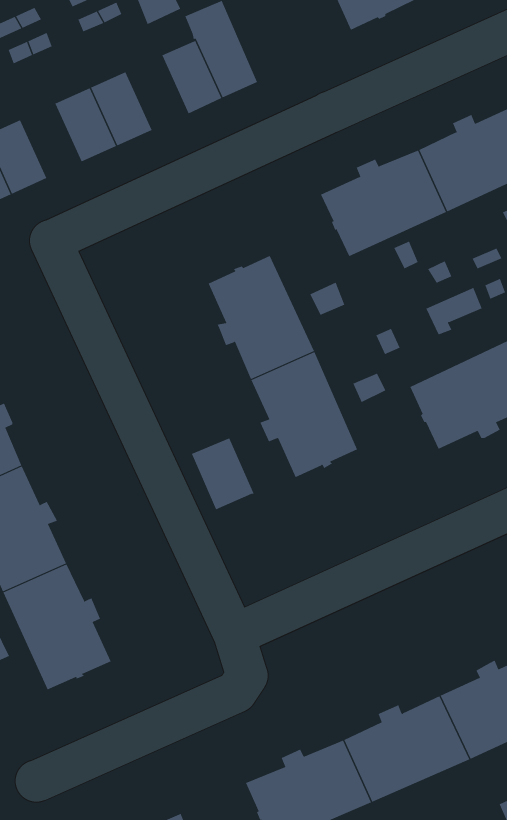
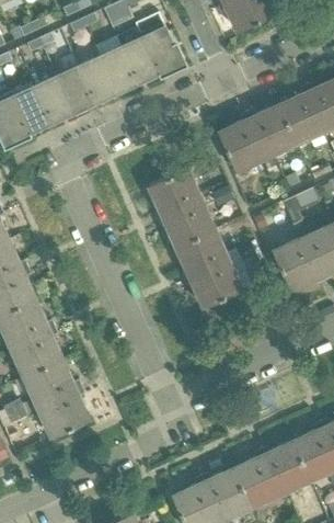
building: none -> [99,47,137,93]
building: none -> [34,77,71,123]
building: [191,437,254,510] -> none

